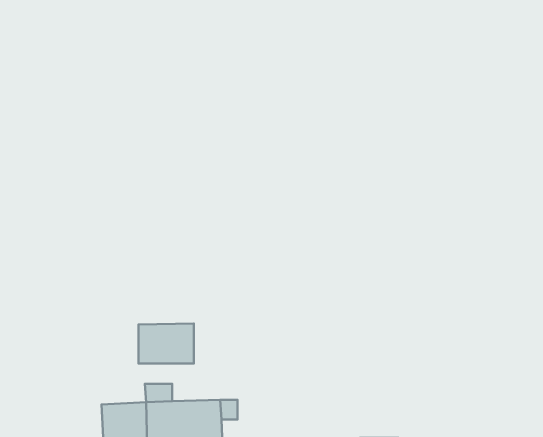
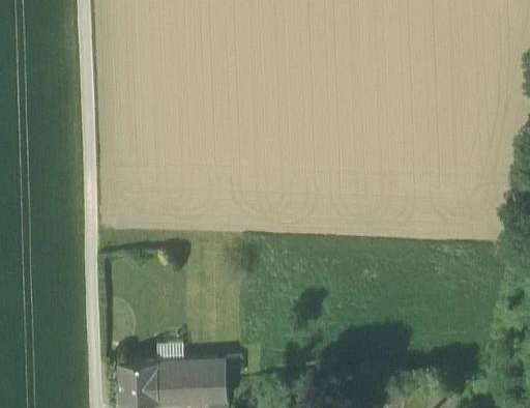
building: [139,324,194,364] -> none

